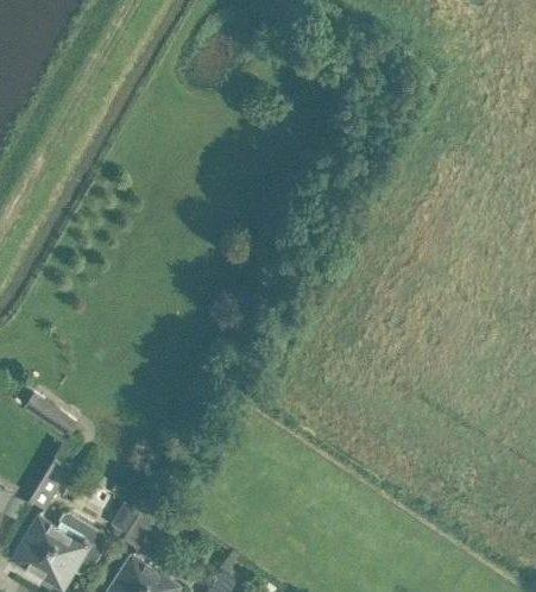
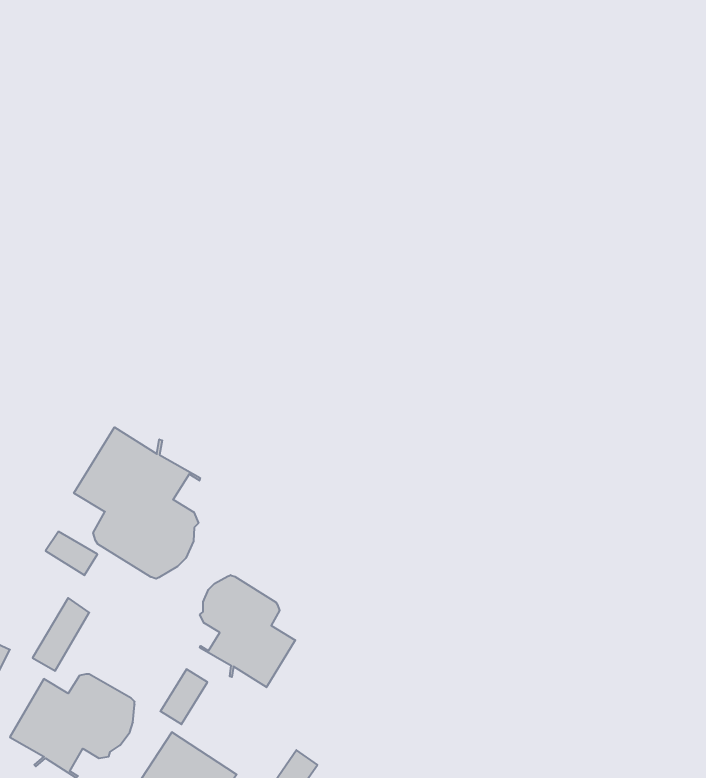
building: none -> [74,427,200,579]
building: none -> [200,575,295,687]

